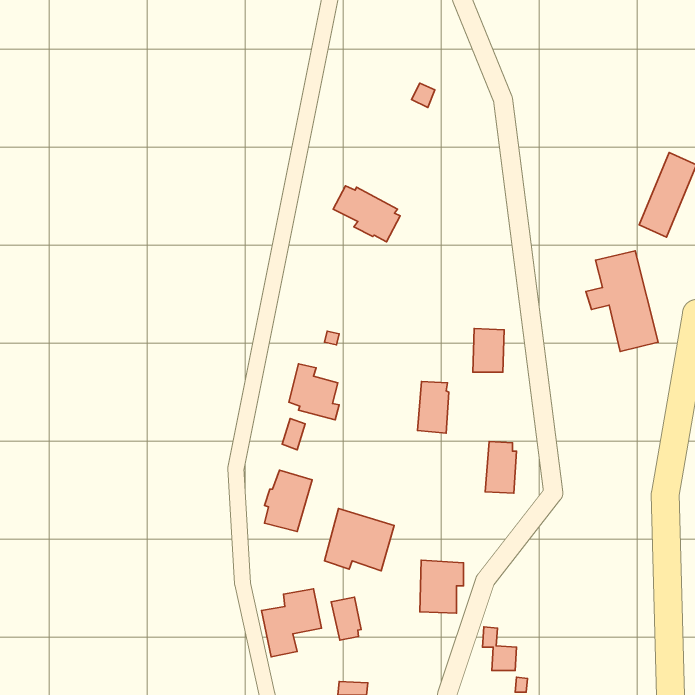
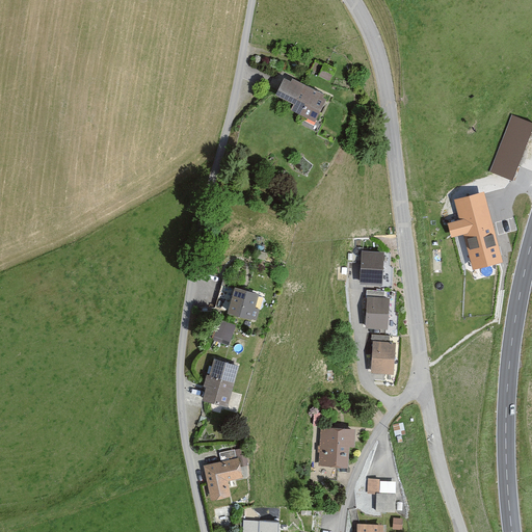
building: [333,186,400,242] -> [270,78,321,121]
building: [417,381,449,433] -> [366,290,390,329]
building: [325,509,394,571] -> none
building: [331,597,361,640] -> none

